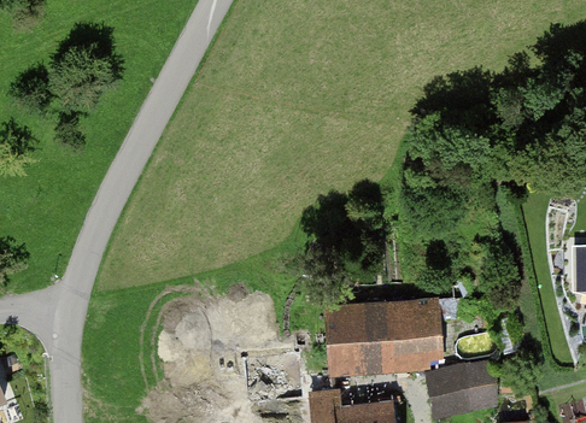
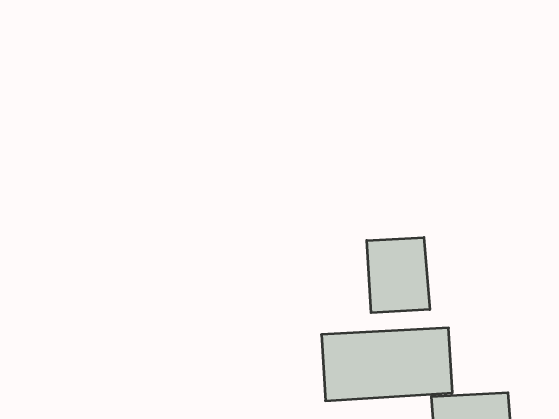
building: none -> [367,237,430,313]

